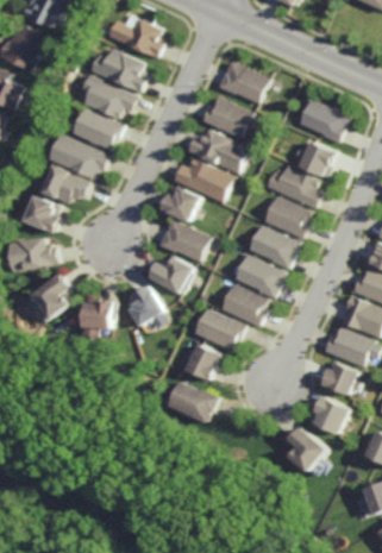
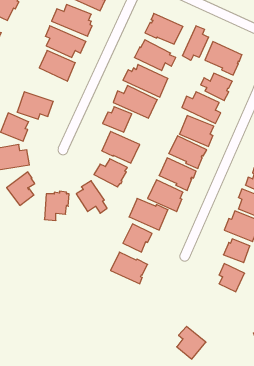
building: none -> [182,26,209,60]
building: [49,134,109,178] -> none
building: [288,429,327,473] -> [177,326,206,359]

